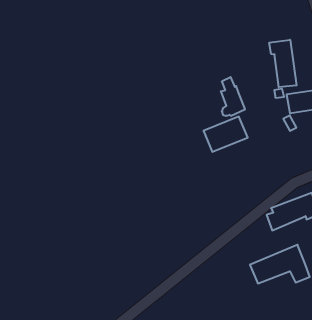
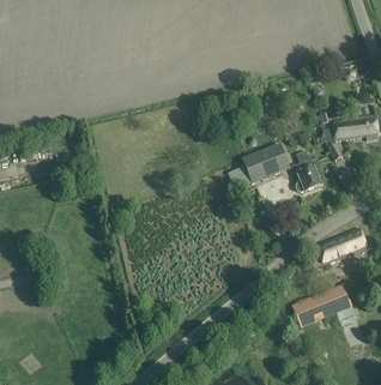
building: [269,40,297,87] -> none
building: [221,77,245,116] -> [294,149,320,191]

